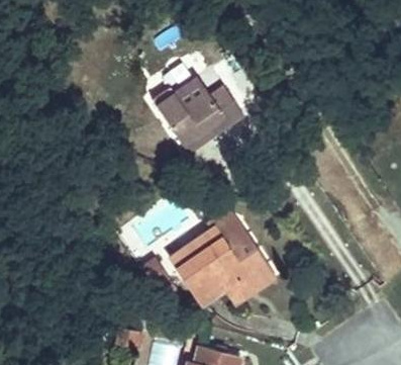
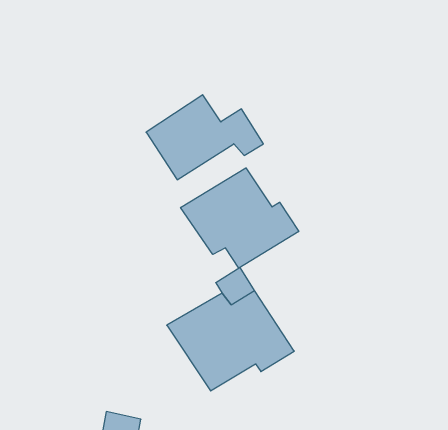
building: none -> [181,168,299,268]

